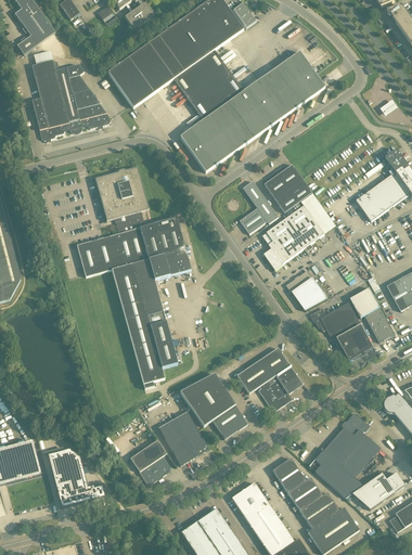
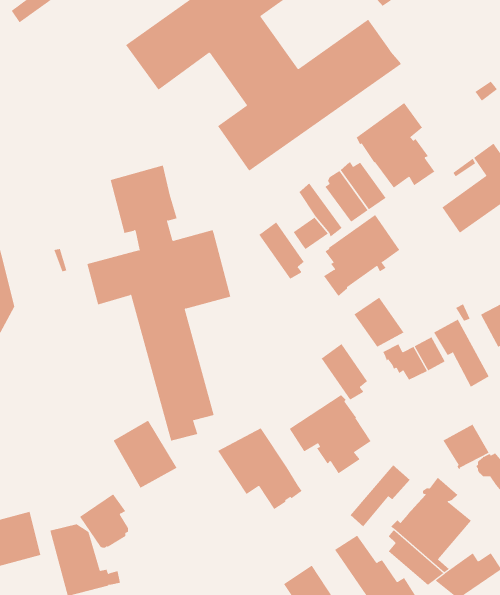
building: [30,59,110,140] -> none
building: none -> [356,102,435,189]
building: none -> [258,221,305,280]
building: none -> [321,343,368,400]
building: [336,324,373,361] -> [443,424,489,471]
building: none -> [350,465,411,527]
building: [157,411,208,465] -> [113,420,177,488]
building: [129,439,168,482] -> [79,493,129,548]

